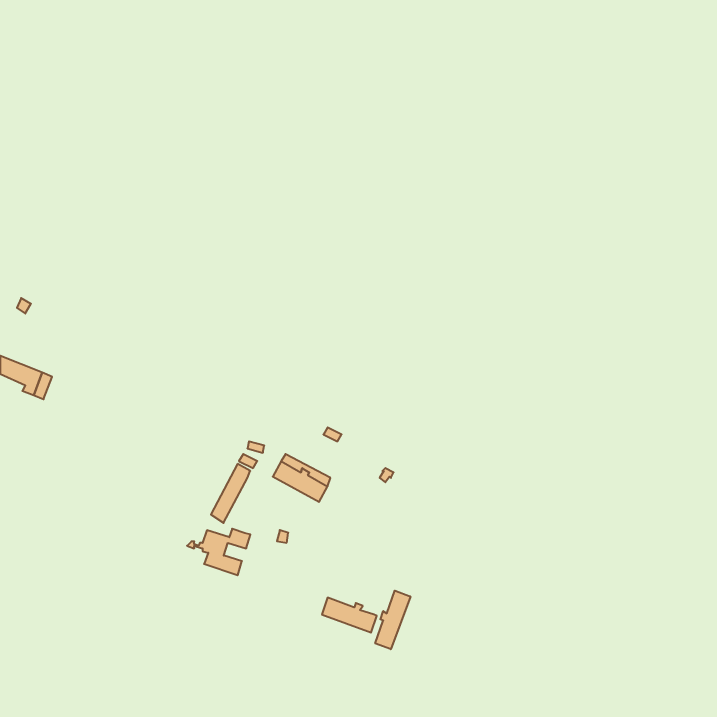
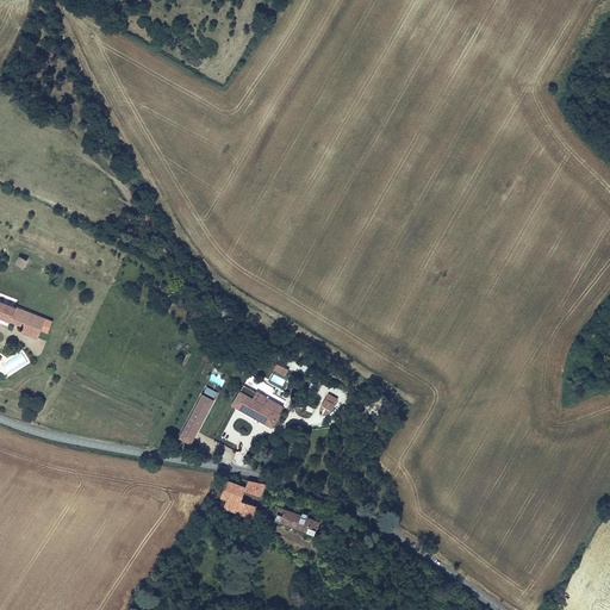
building: [187,529,250,575] -> [210,480,263,519]
building: [375,591,410,649] -> none

